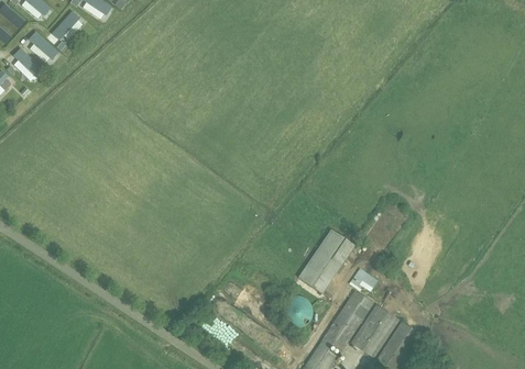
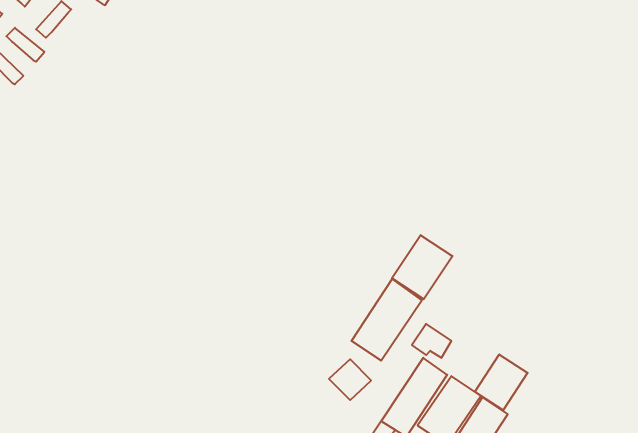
building: none -> [392,235,453,299]
building: none -> [475,354,528,410]

